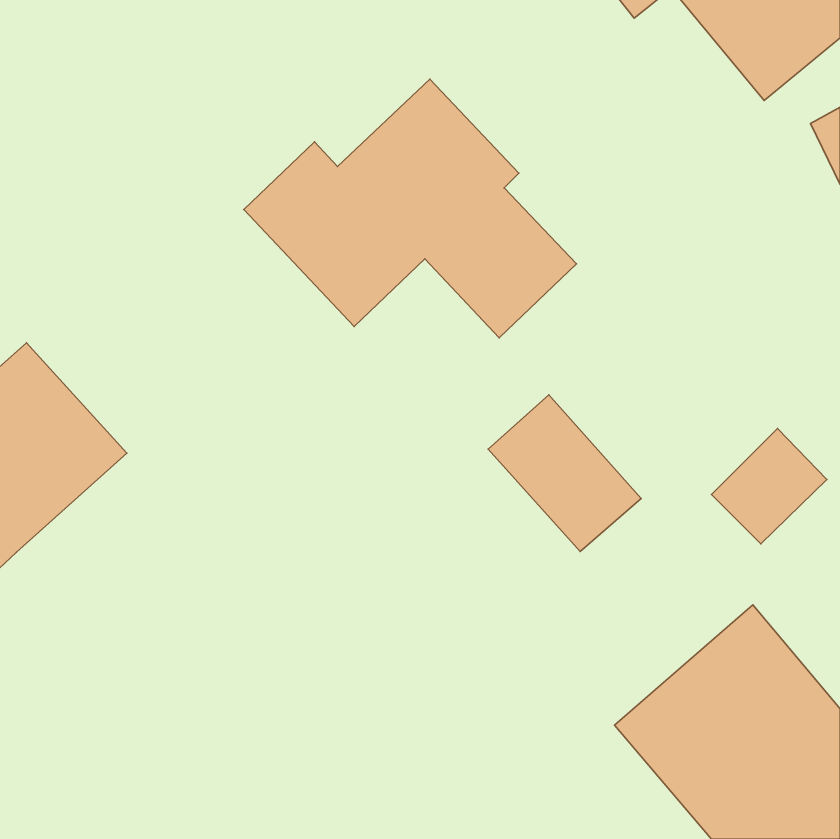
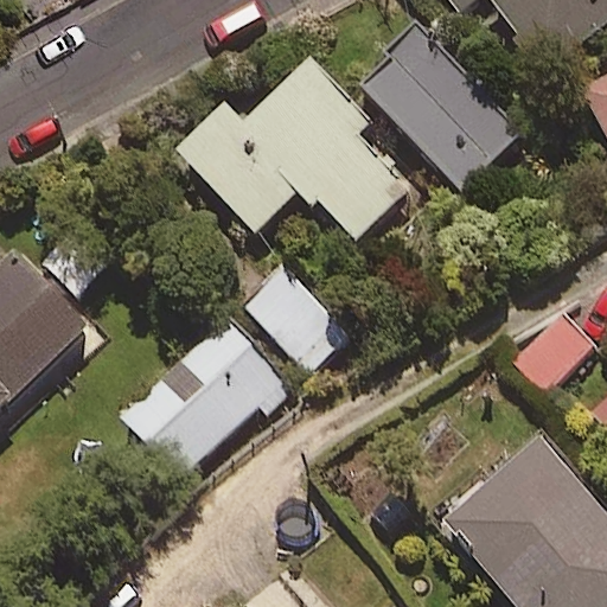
building: none -> [354,21,523,191]
building: [488,395,641,551] -> [242,266,352,378]
building: none -> [119,318,287,480]

